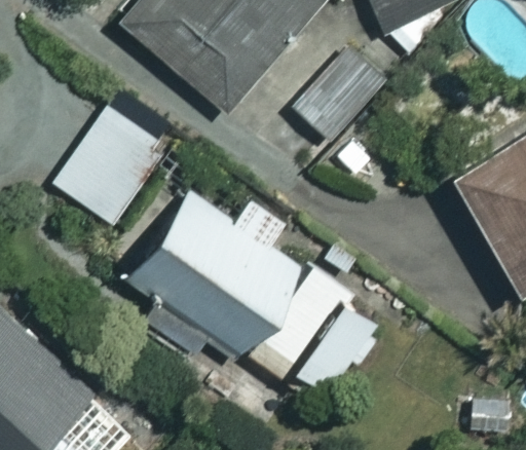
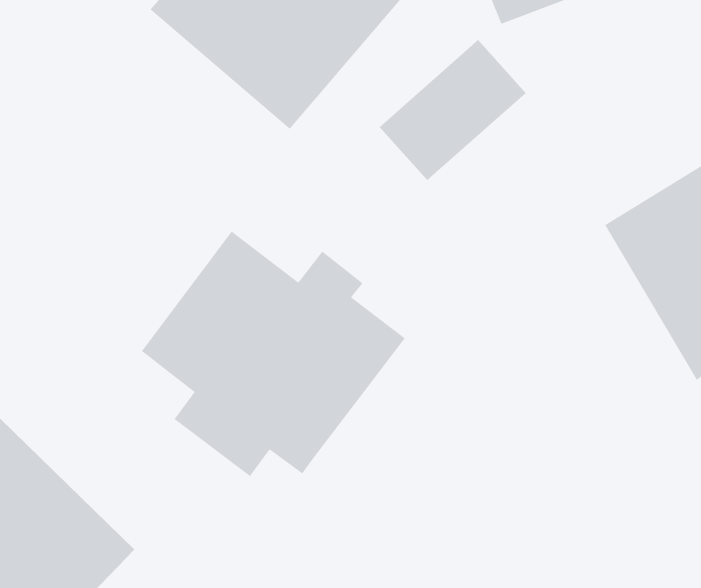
building: [53,106,165,224] -> none
building: [240,260,386,408] -> none

